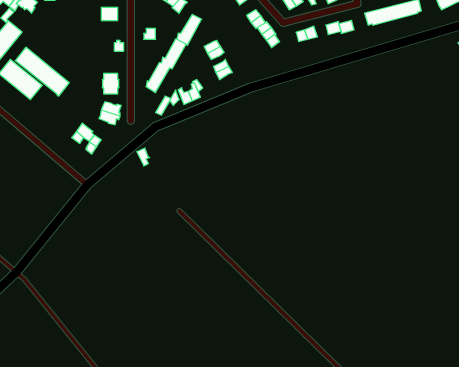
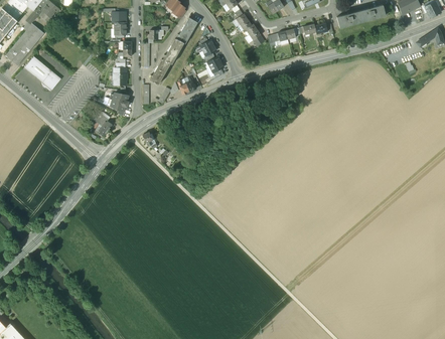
building: [15,47,69,96] -> none

